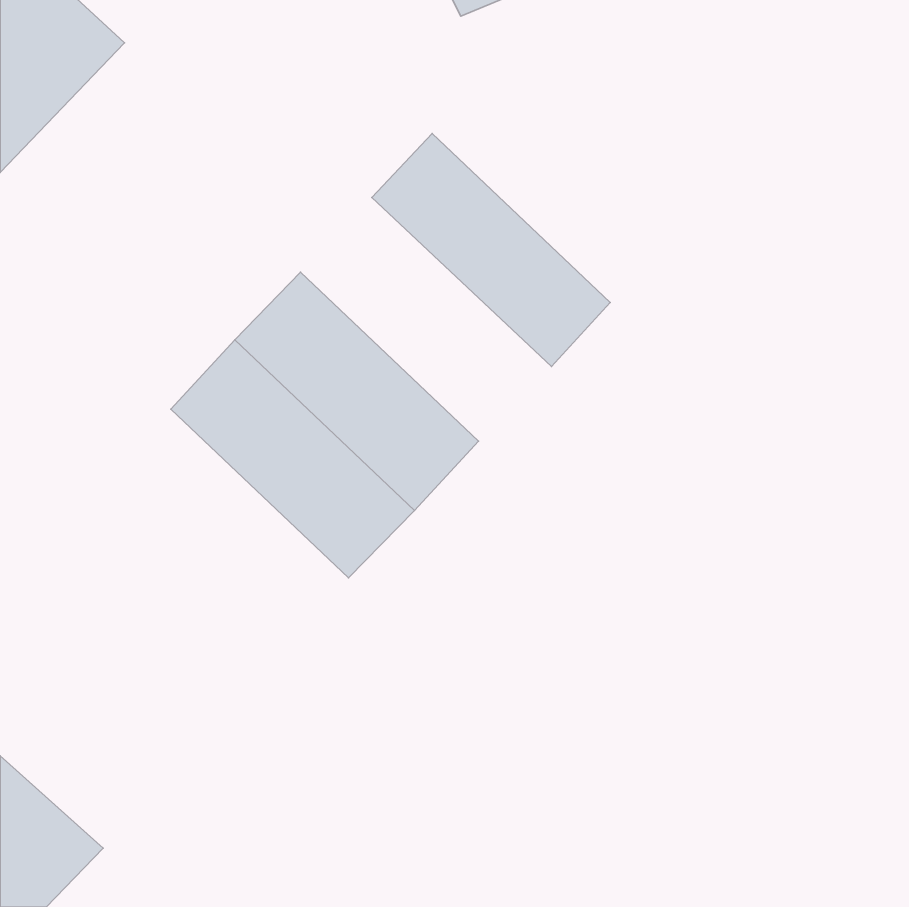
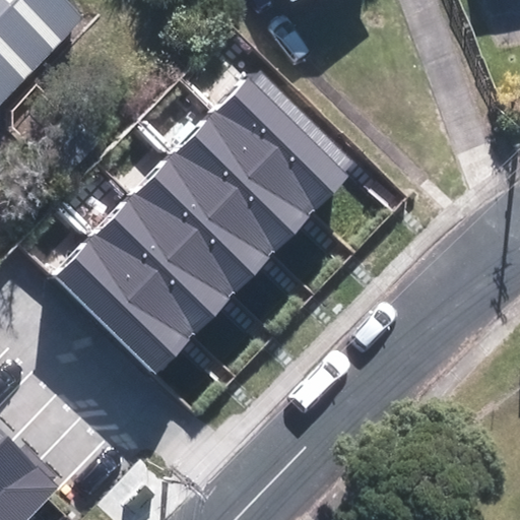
building: none -> [172,113,315,252]
building: none -> [55,234,199,375]

